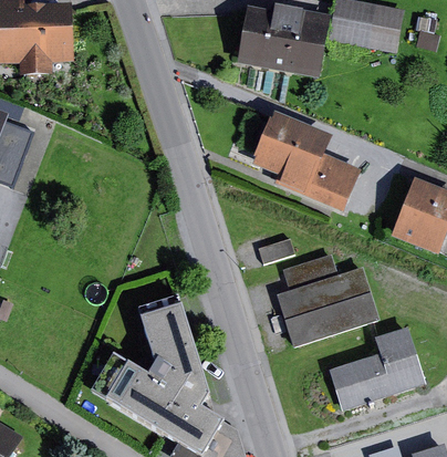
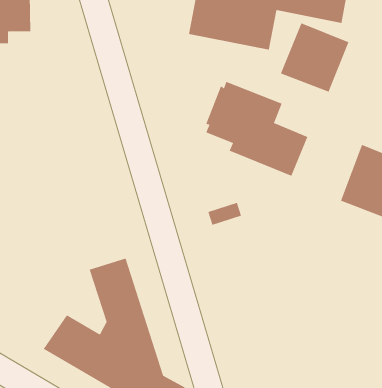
building: none -> [280,22,349,92]
building: [276,252,381,347] -> none
building: [329,324,428,411] -> none

